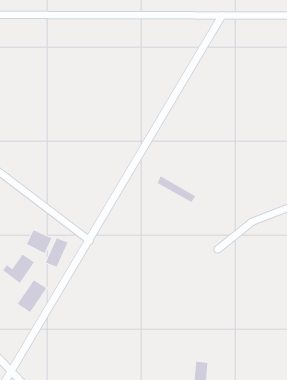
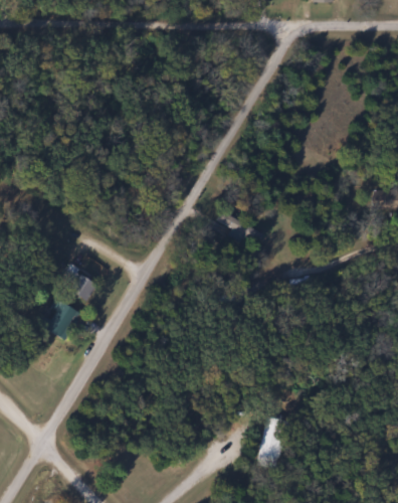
building: [45,237,68,267] -> none
building: [17,279,47,313] -> none

